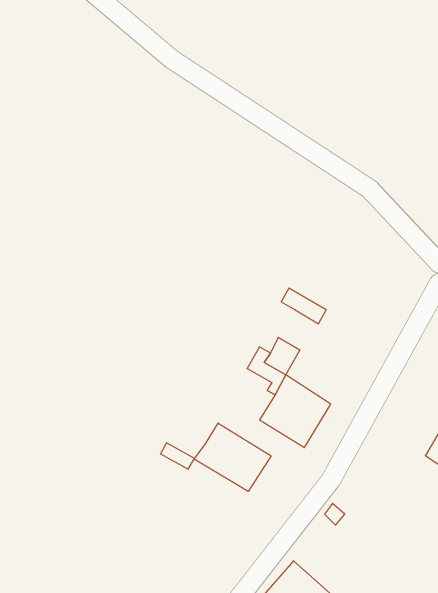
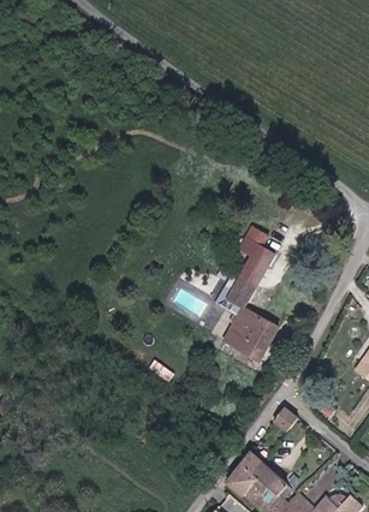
building: none -> [238,257,269,288]
building: [194,423,271,491] -> none

